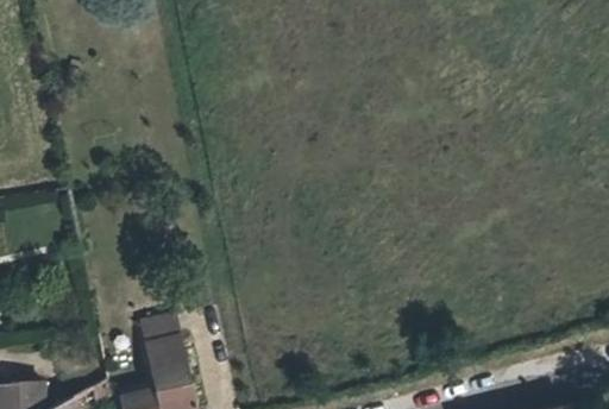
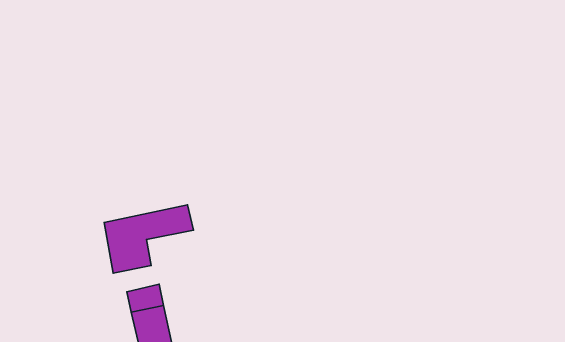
building: none -> [104,205,193,273]

